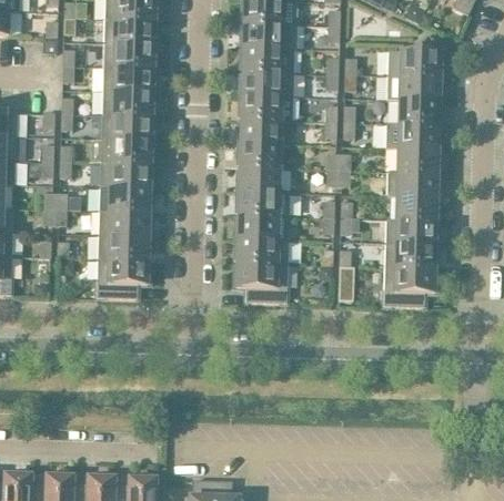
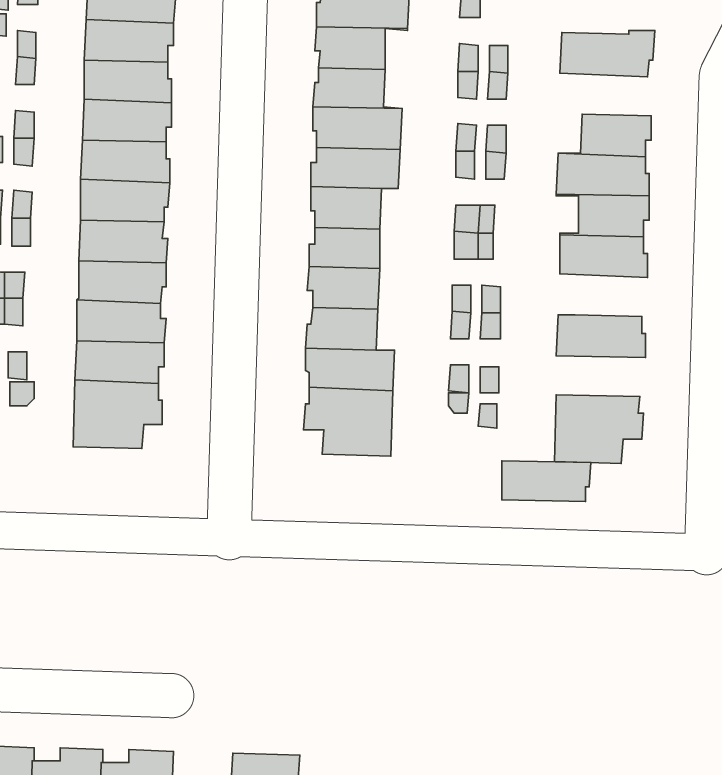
building: [386,73,442,99] -> none
building: [385,193,439,218] -> none
building: [384,242,437,266] -> [502,461,591,502]

